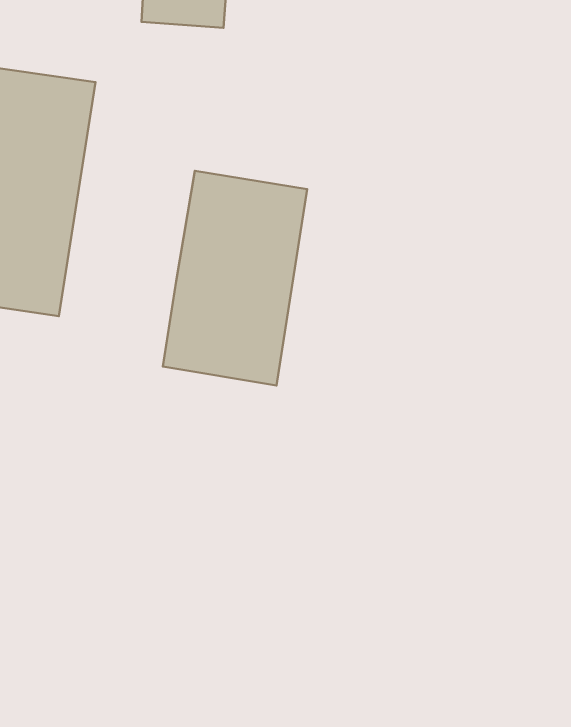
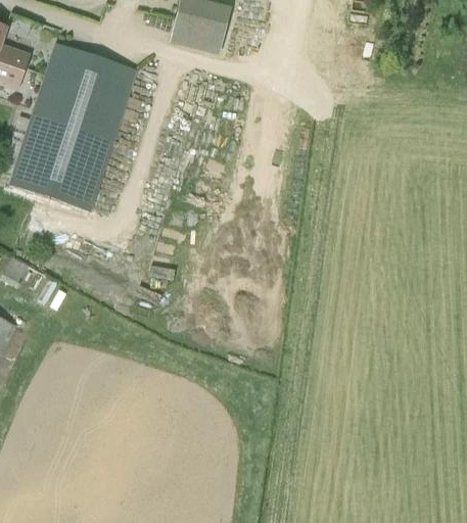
building: [163,171,307,386] -> none

